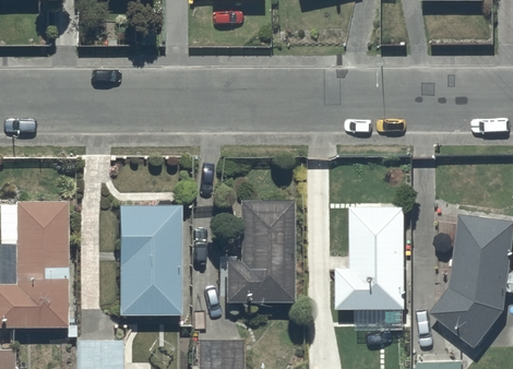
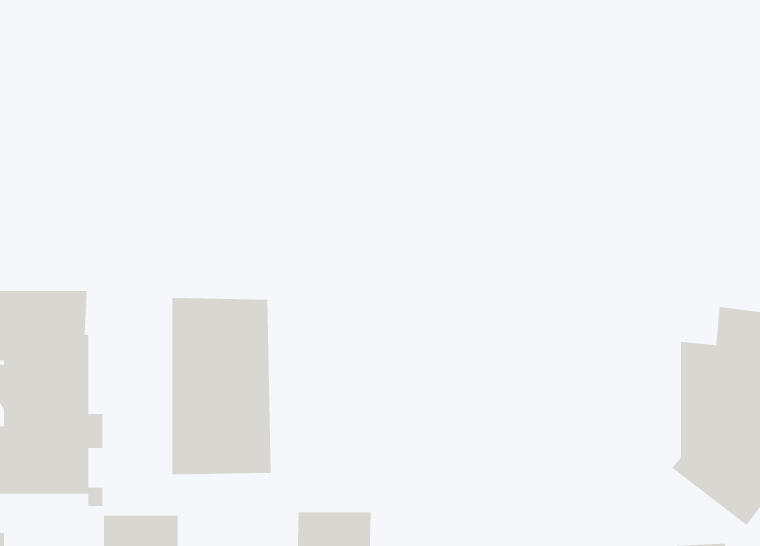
building: [224,201,291,302] -> none
building: [336,204,406,308] -> none

